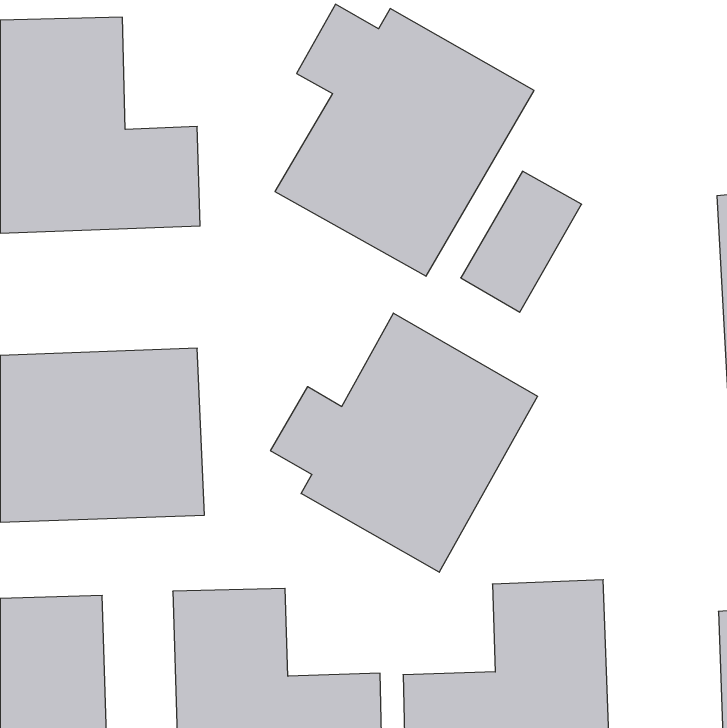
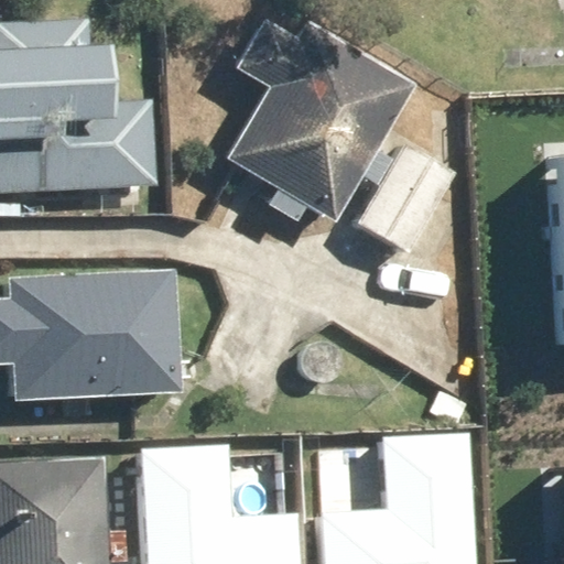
building: [271,313,538,572] -> none

